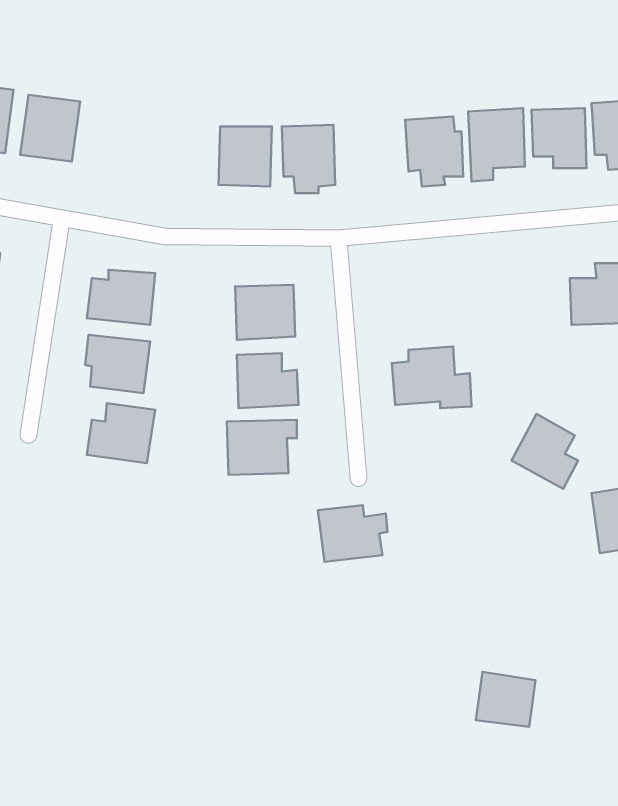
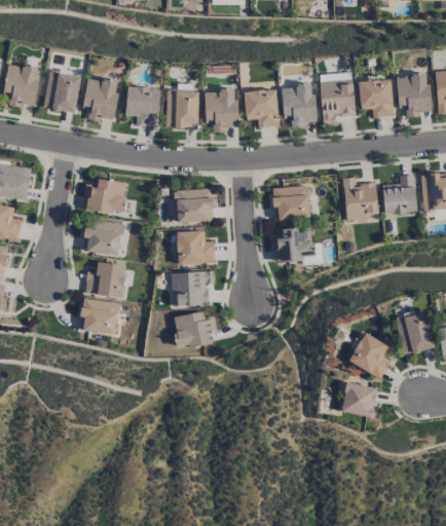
building: none -> [83,77,119,121]
building: none -> [126,86,160,126]
building: none -> [245,89,278,126]
building: none -> [344,177,379,219]
building: none -> [273,186,310,218]
building: [511,414,578,489] -> [349,332,391,378]
building: none -> [82,299,119,334]
building: [318,505,388,562] -> [174,312,217,347]
building: [476,672,536,727] -> [342,382,379,416]

